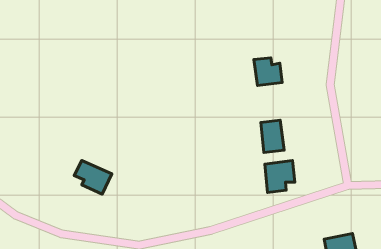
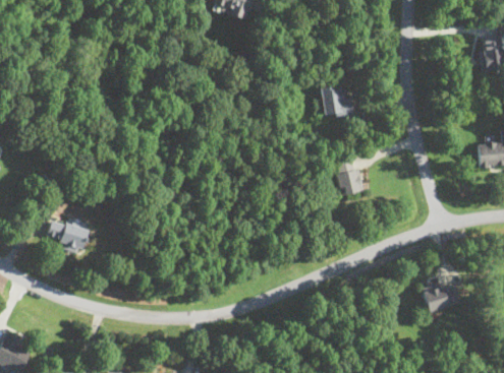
building: [74,160,112,194] -> [45,216,89,253]
building: [265,161,295,193] -> none

